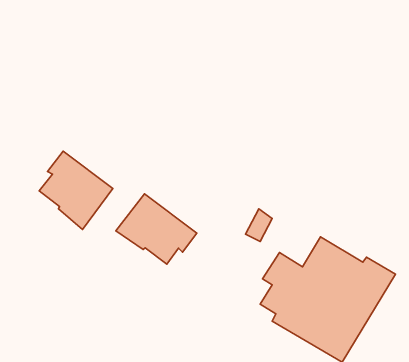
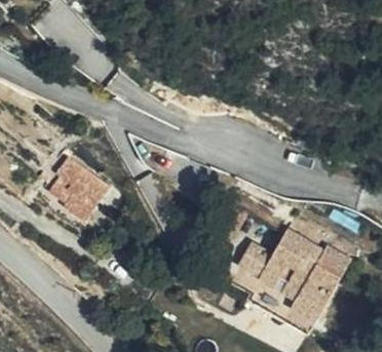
building: [116,194,197,264] -> none

